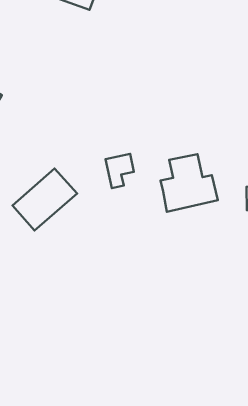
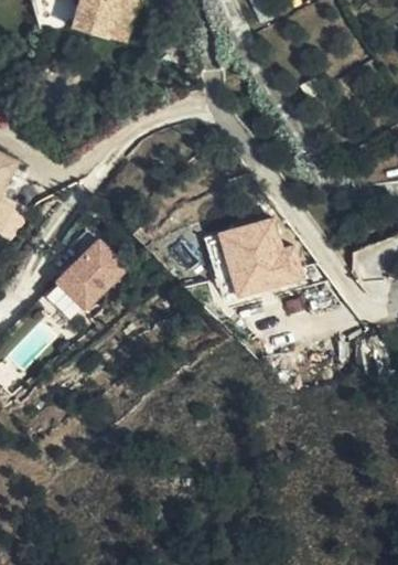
building: [105,154,134,188] -> [209,227,248,274]

